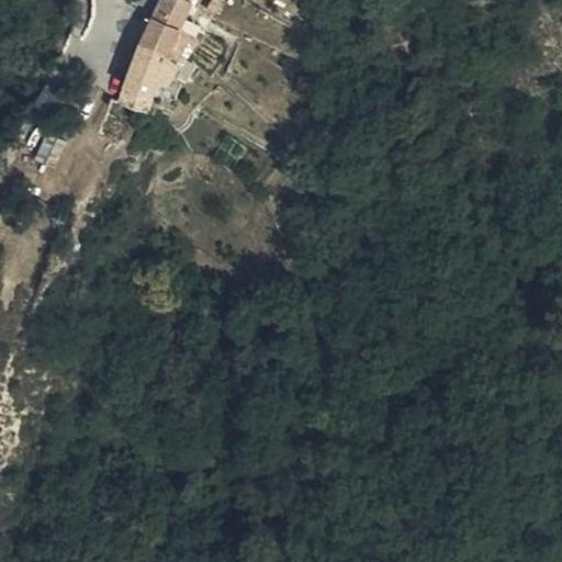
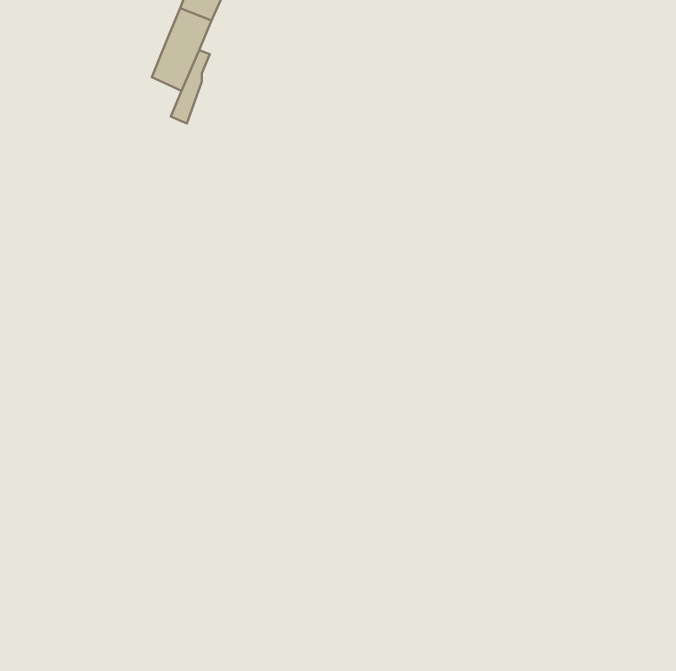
building: [113,59,160,109] -> none

